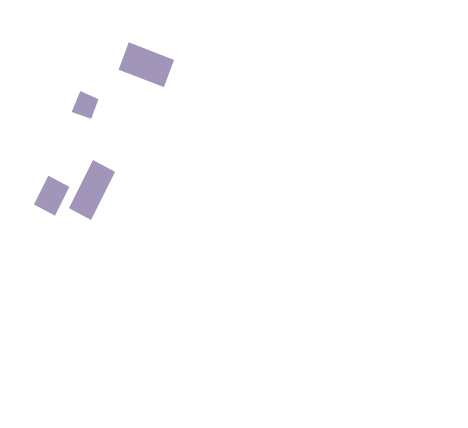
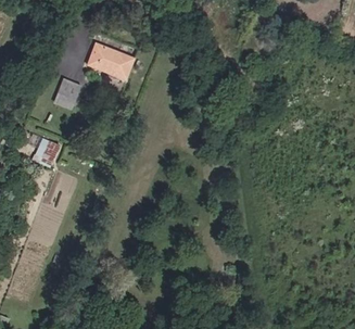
building: [68,159,116,221] -> none

